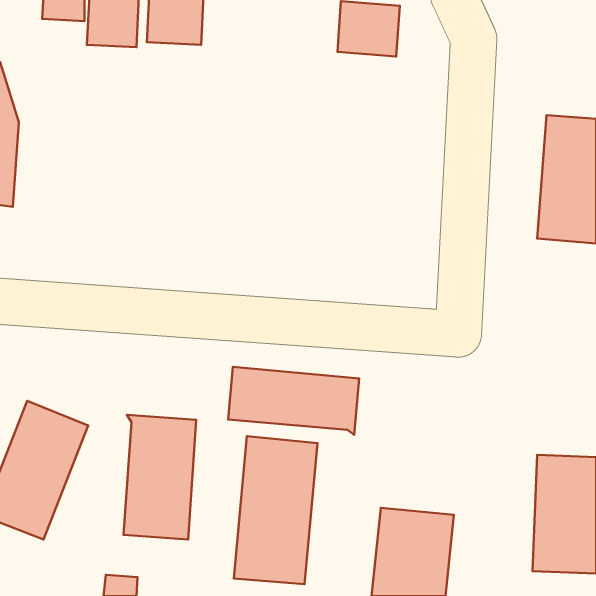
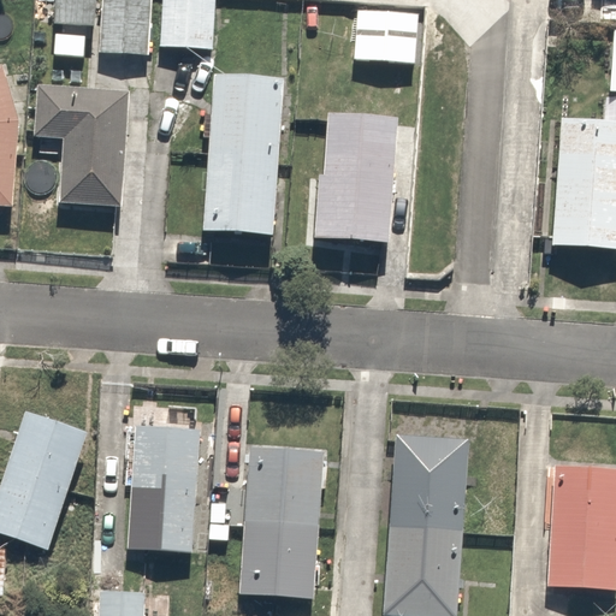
building: none -> [201,71,290,239]
building: none -> [35,84,129,207]
building: none -> [313,108,399,242]
building: [228,367,359,435] -> none
building: none -> [390,431,473,527]

